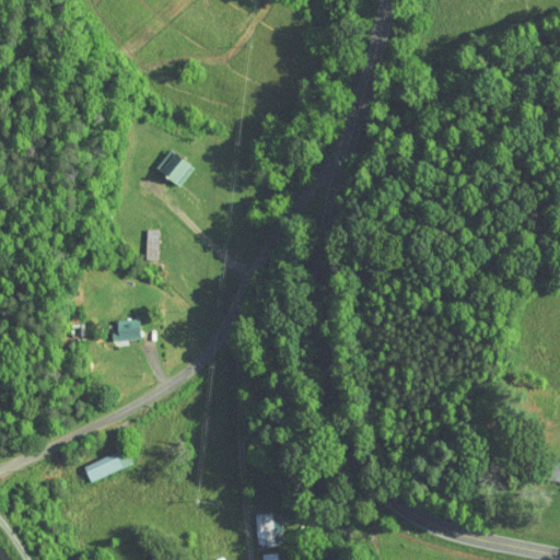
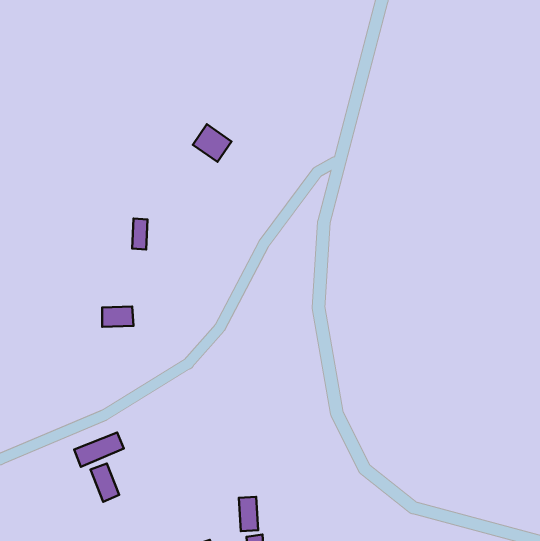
building: [159,150,198,188] -> [193,124,232,162]
building: none -> [90,463,119,502]

